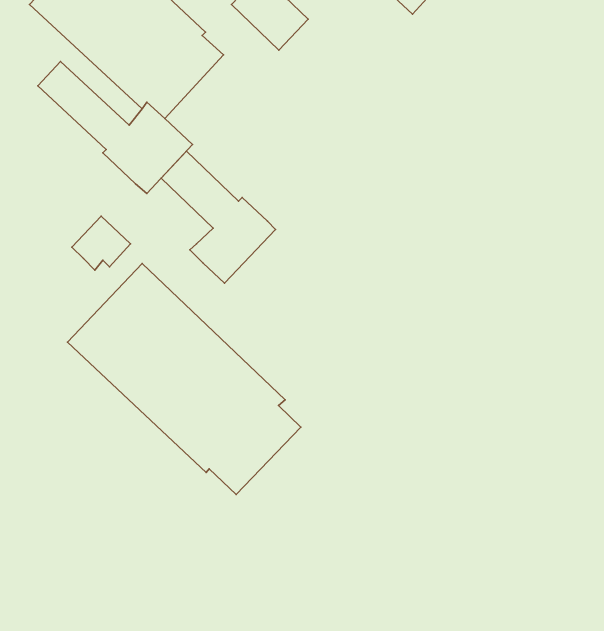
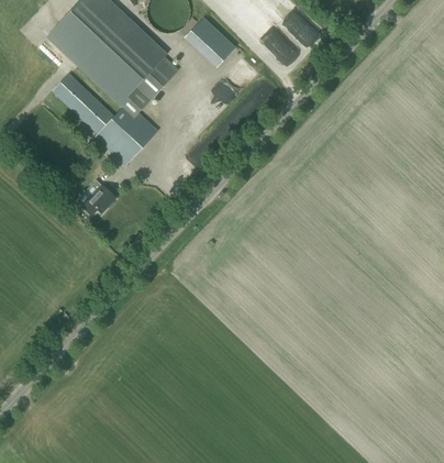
building: [161,151,275,283] -> none
building: [68,264,301,495] -> none

